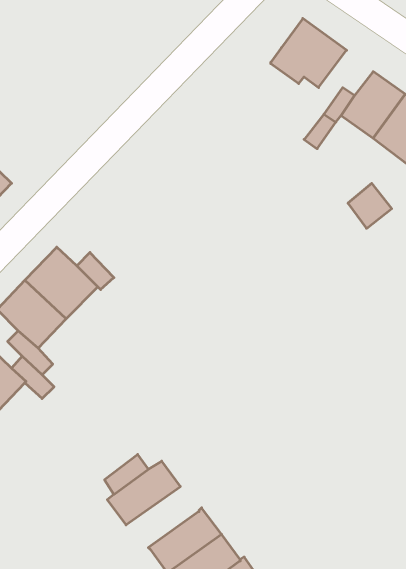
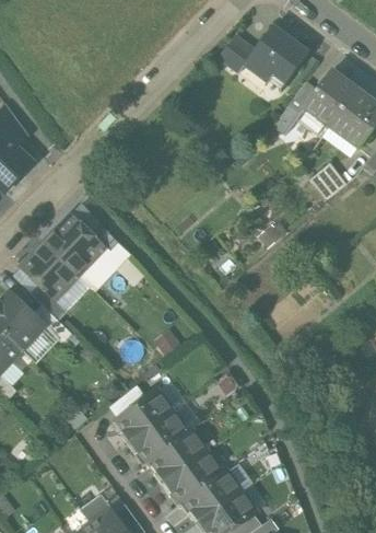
building: none -> [220,35,256,73]
building: none -> [128,412,188,465]

